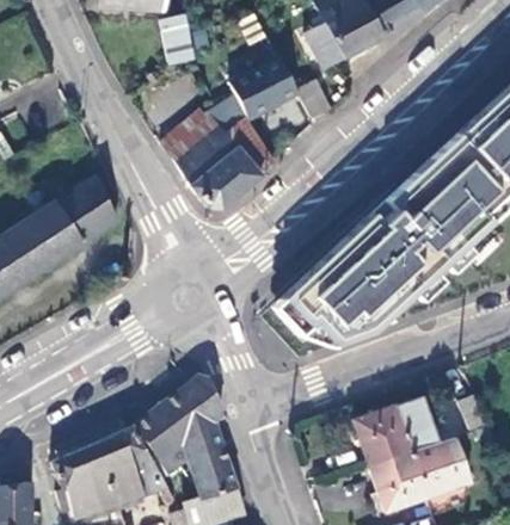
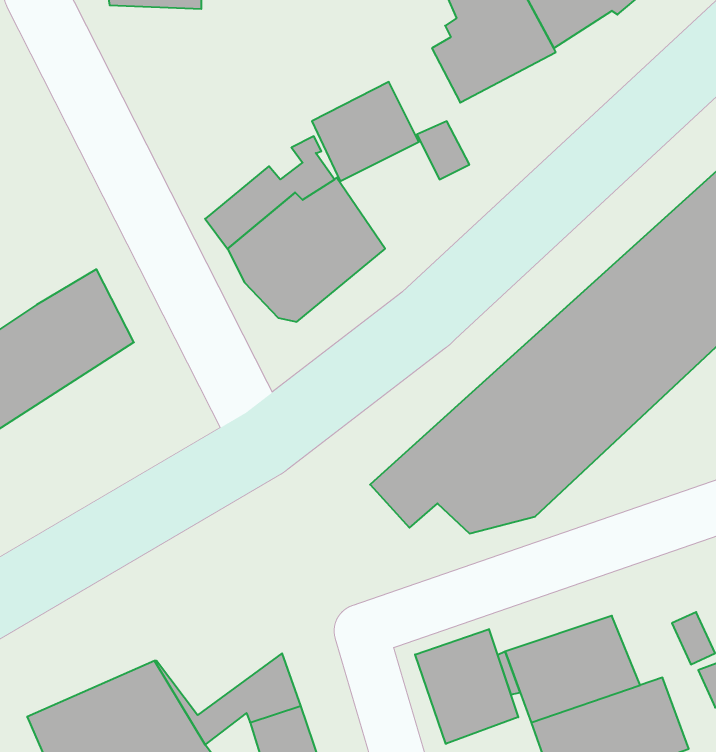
building: [153,16,196,68] -> none
building: [131,373,221,459] -> none
building: none -> [415,629,518,744]

